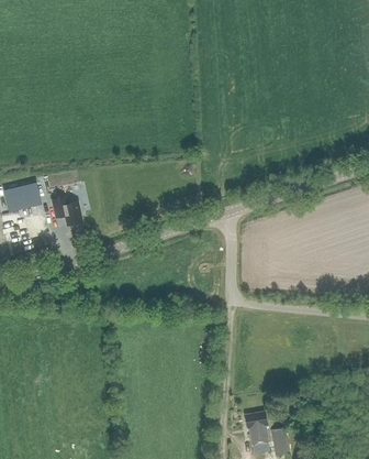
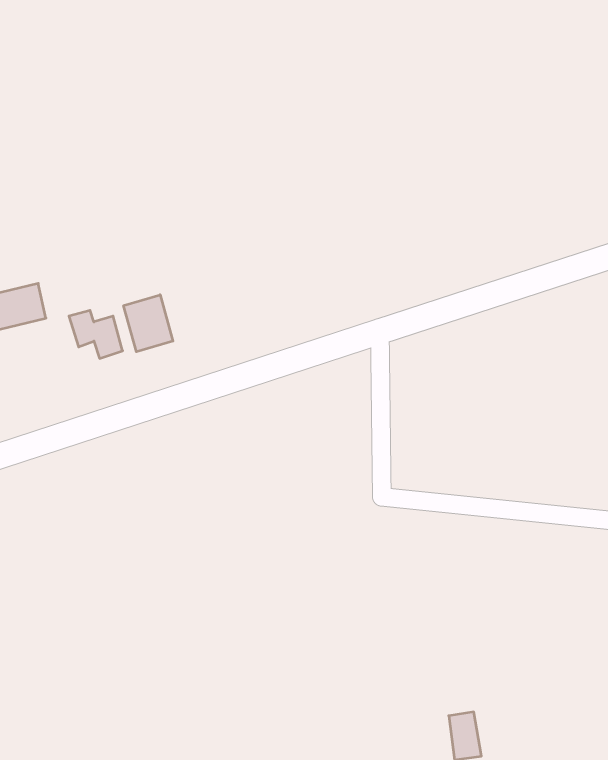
building: none -> [124,295,173,352]
building: [245,412,269,446] -> none

